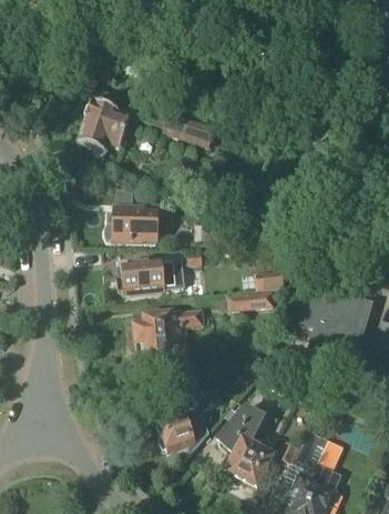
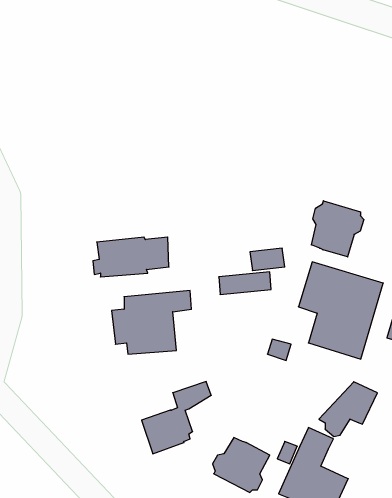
building: [79,101,214,155] -> none
building: [104,206,162,243] -> none
building: none -> [311,201,364,257]
building: [213,404,265,453] -> [319,382,377,437]

